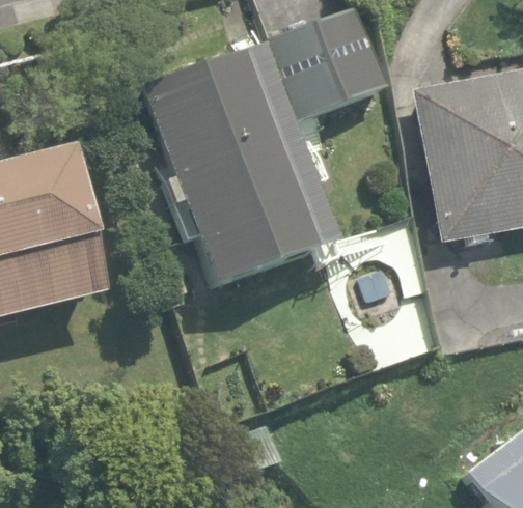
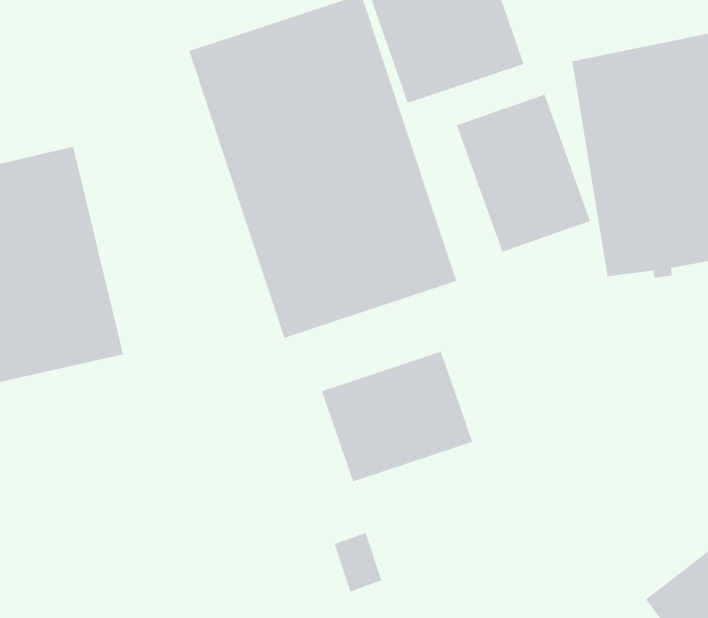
building: none -> [456,94,591,252]
building: none -> [321,351,473,482]

